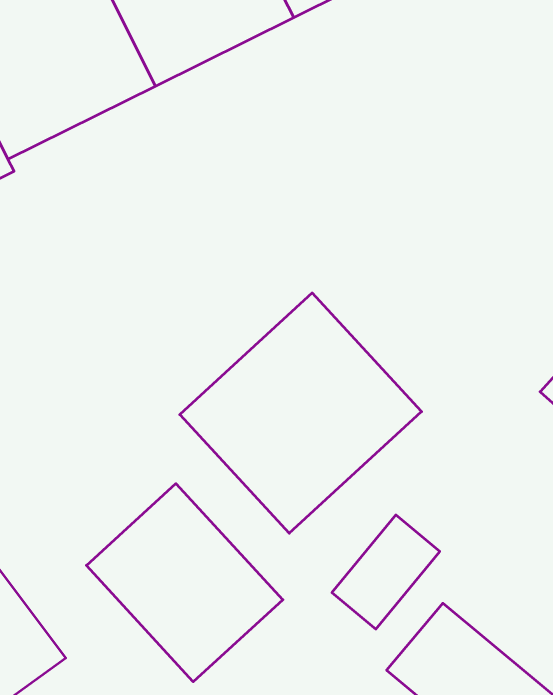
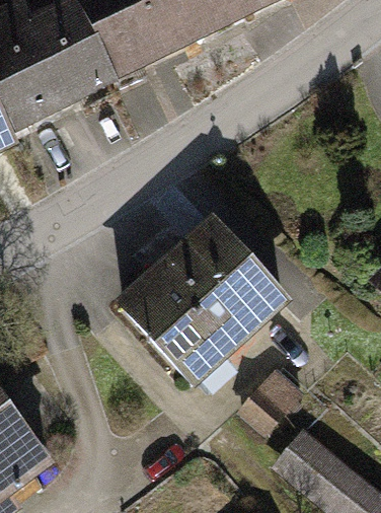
building: [86,484,283,682] -> none

